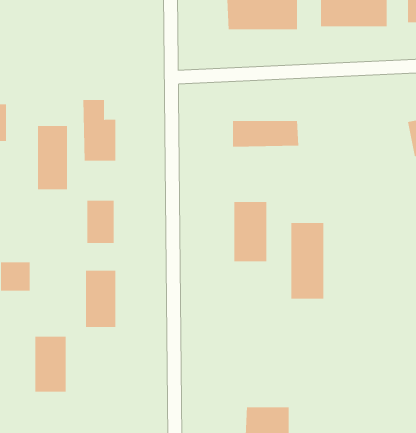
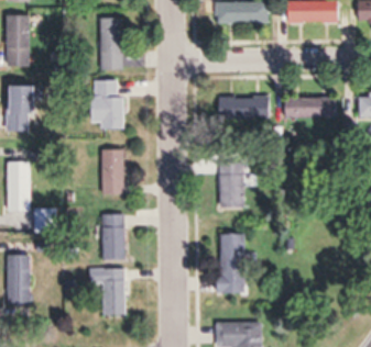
building: none -> [285,98,337,116]
building: [37,126,68,190] -> [100,18,124,68]
building: [291,222,324,299] -> [219,233,245,293]
building: [34,336,67,392] -> [100,268,126,312]

